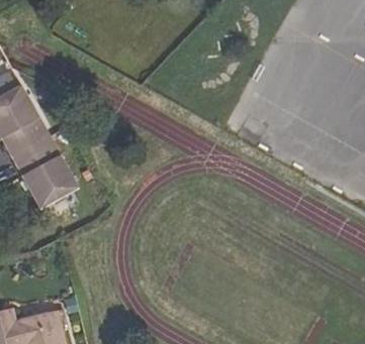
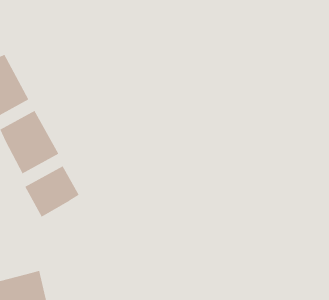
building: none -> [24,165,80,217]

